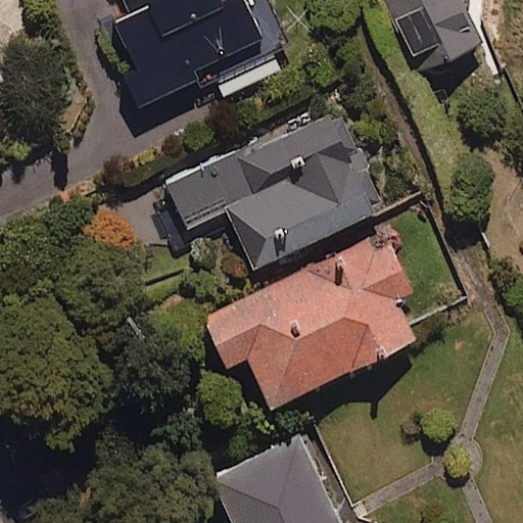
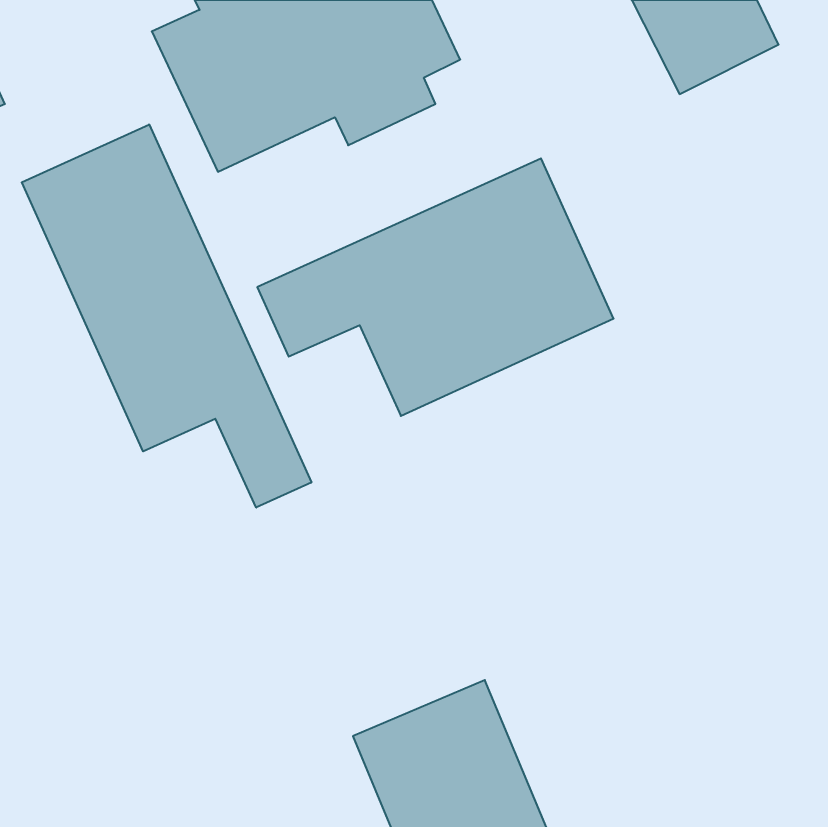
building: none -> [22,124,311,508]
building: [203,232,412,406] -> none

